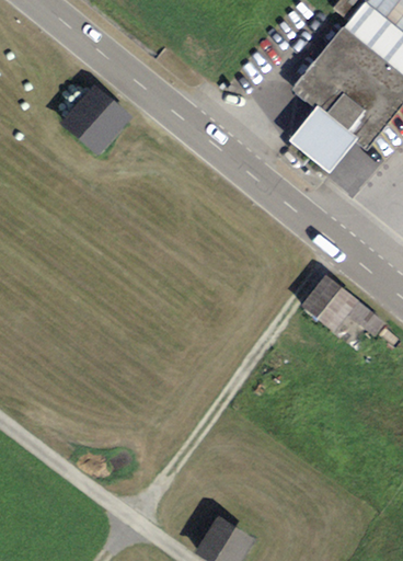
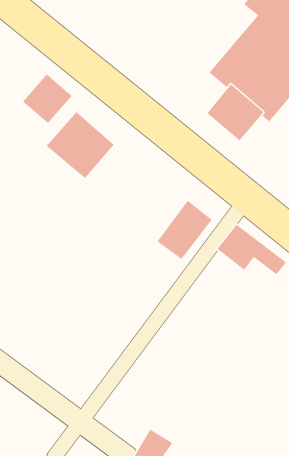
building: none -> [46,111,115,179]
building: none -> [157,200,212,260]

